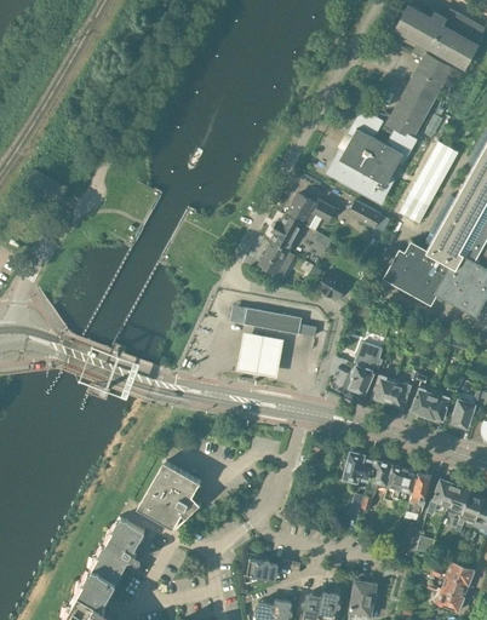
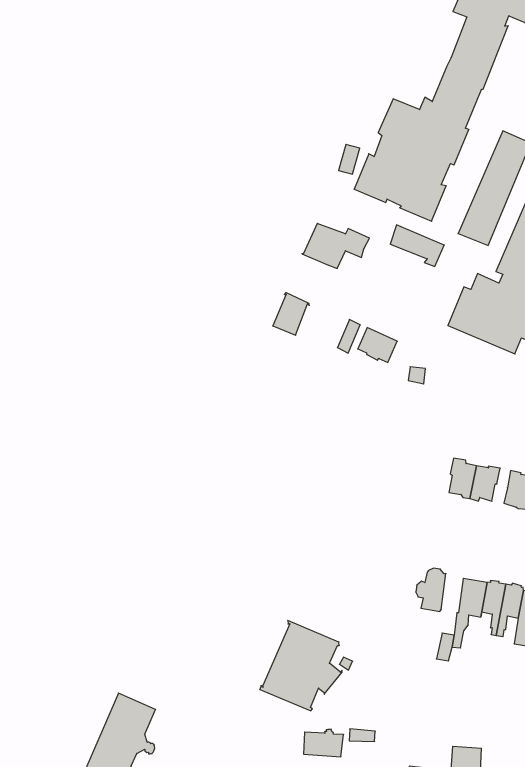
building: [271,216,303,252] -> none
building: [245,309,317,338] -> none
building: [237,331,283,377] -> none
building: [350,343,383,395] -> none
building: [141,463,201,529] -> [260,621,342,711]

